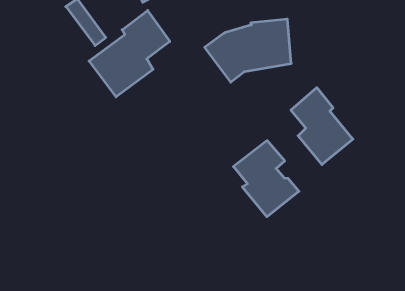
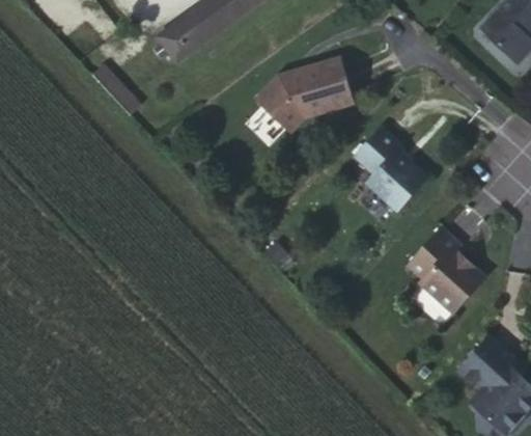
building: [89,10,170,97] -> none
building: [233,141,299,217] -> [408,227,482,310]

